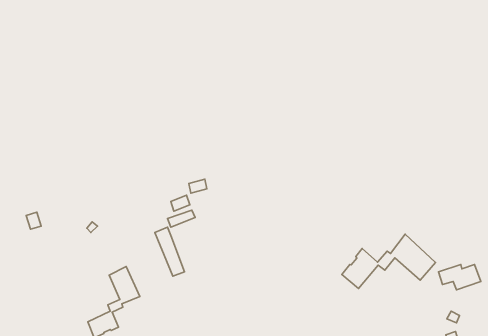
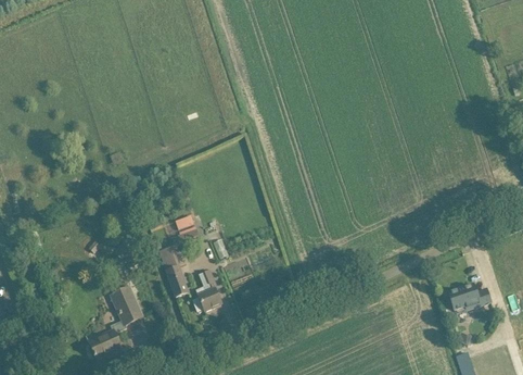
building: [342,234,436,289] -> none
building: none -> [193,271,221,312]

